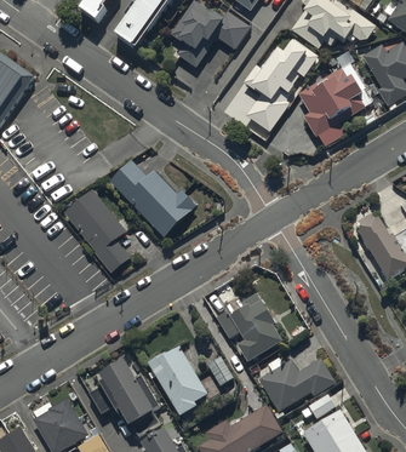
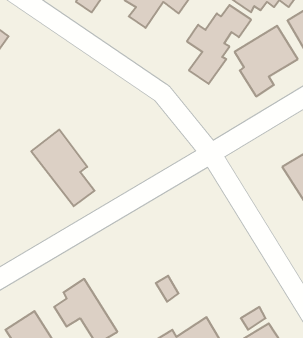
building: [109,162,191,235] -> none
building: [215,293,281,364] -> none
building: [148,348,207,418] -> none
building: [257,359,334,413] -> none

